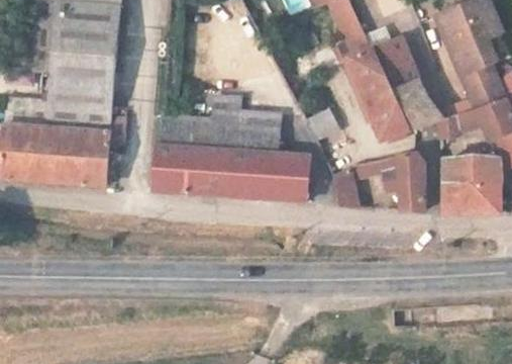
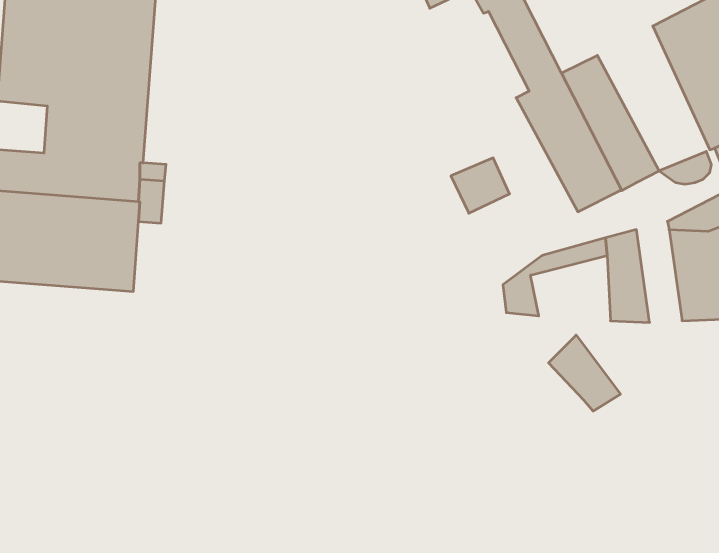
building: [155,95,305,200] -> none
building: none -> [549,335,620,411]

